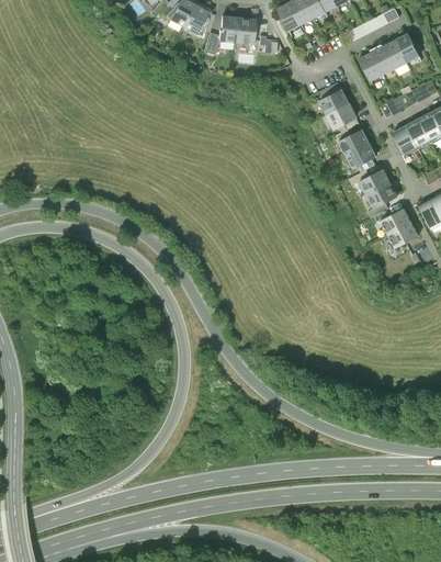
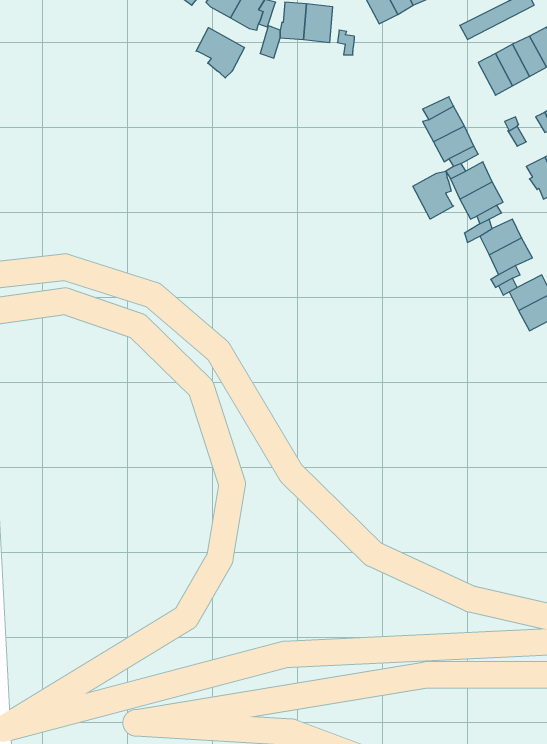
building: none -> [196,28,244,78]
building: none -> [413,171,454,219]

